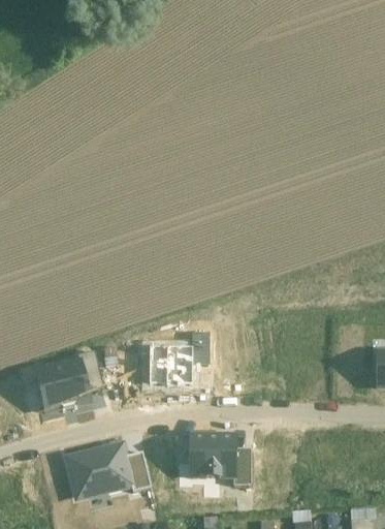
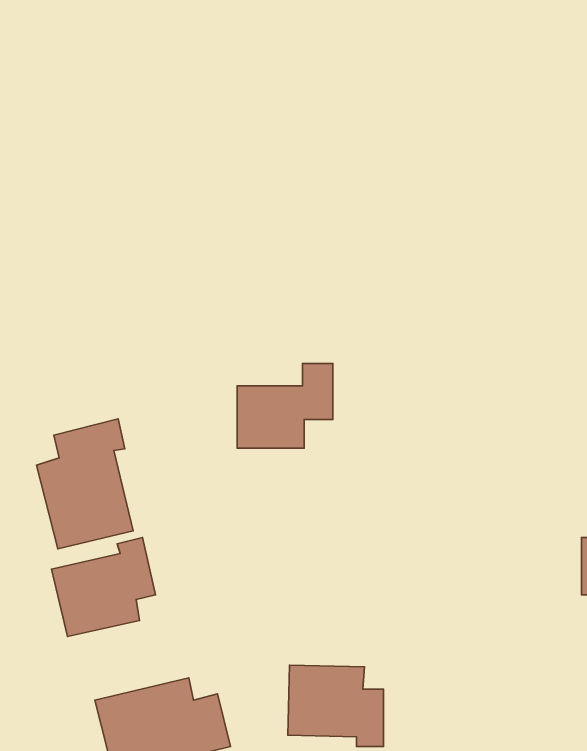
building: none -> [37,419,133,549]
building: [147,328,208,382] -> [237,364,333,448]

